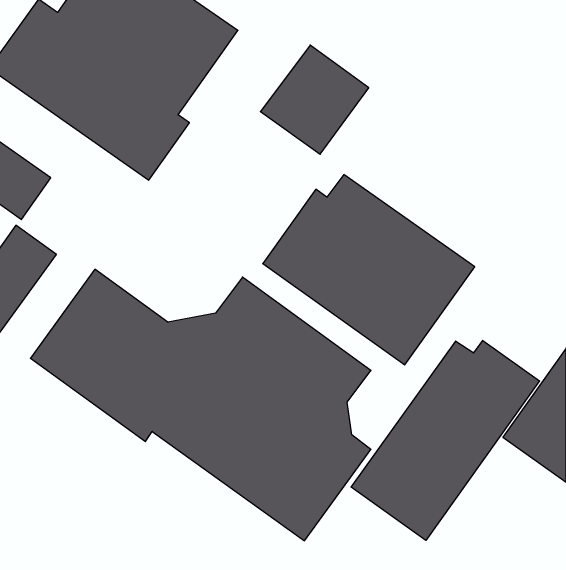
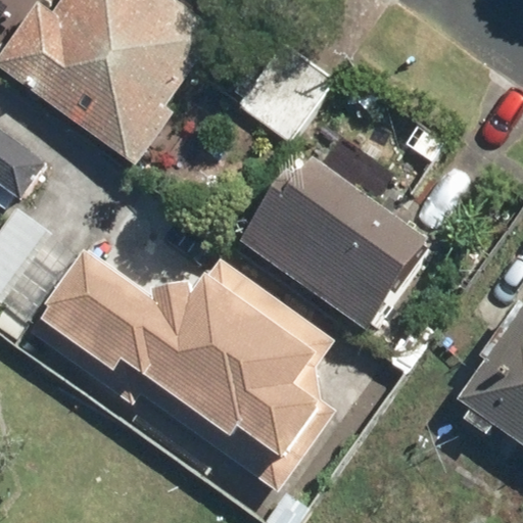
building: [351,340,540,540] -> none

